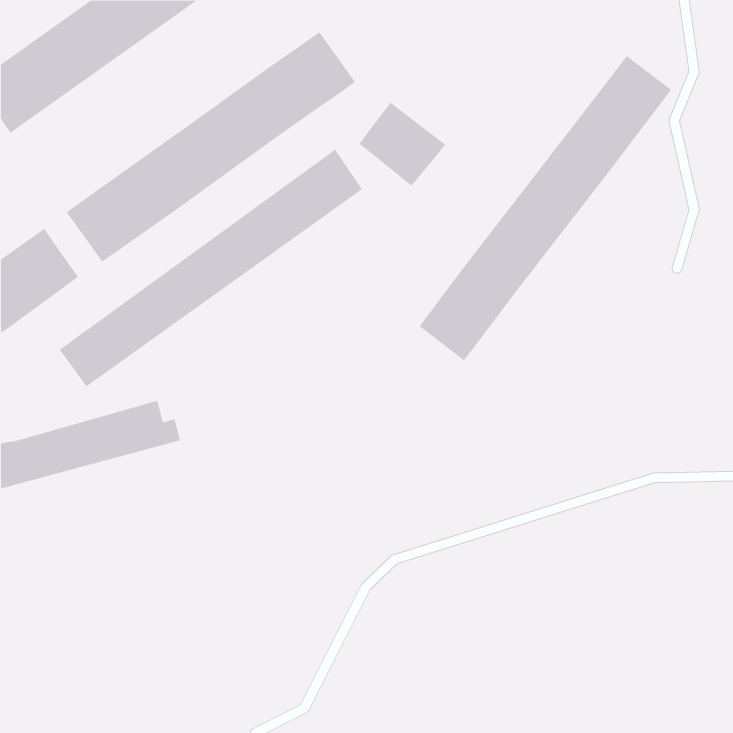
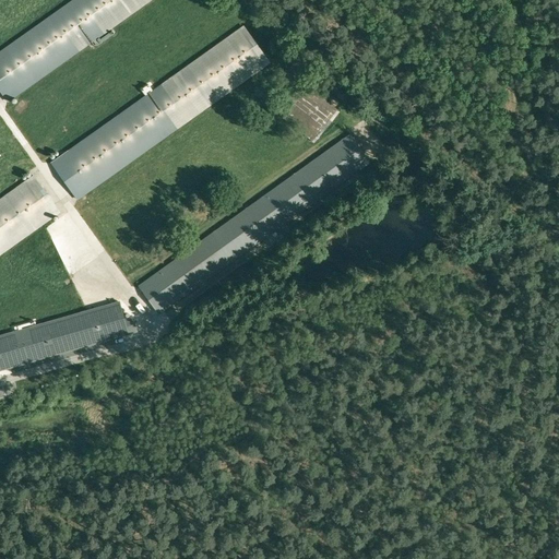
building: [419,55,672,361] -> none
building: [59,149,363,387] -> [138,132,369,313]

